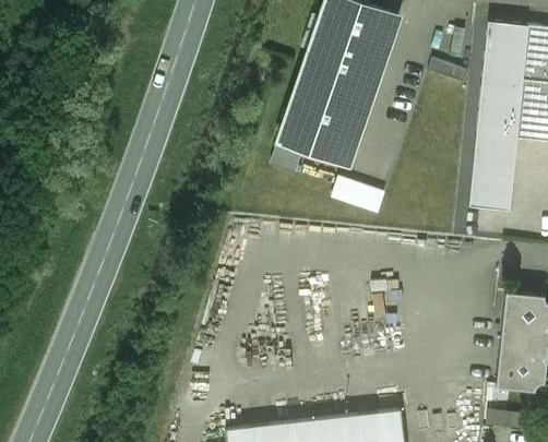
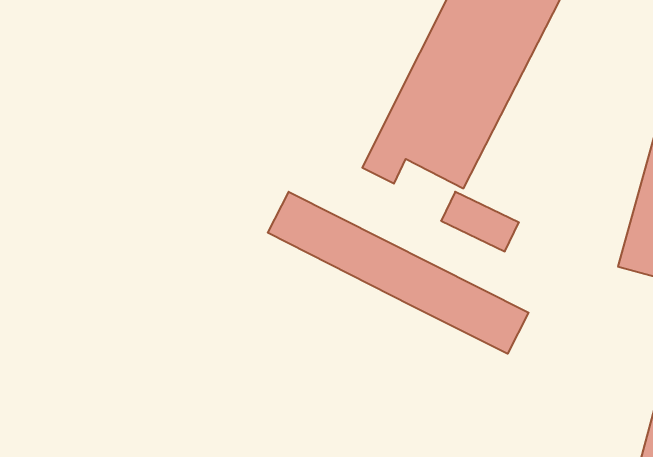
building: none -> [268,192,529,354]

